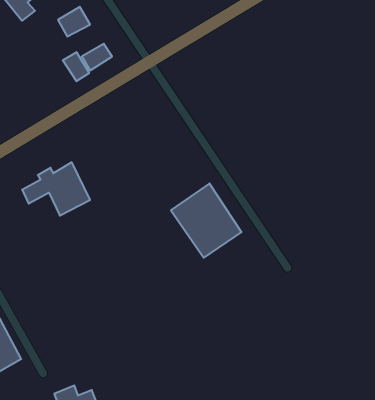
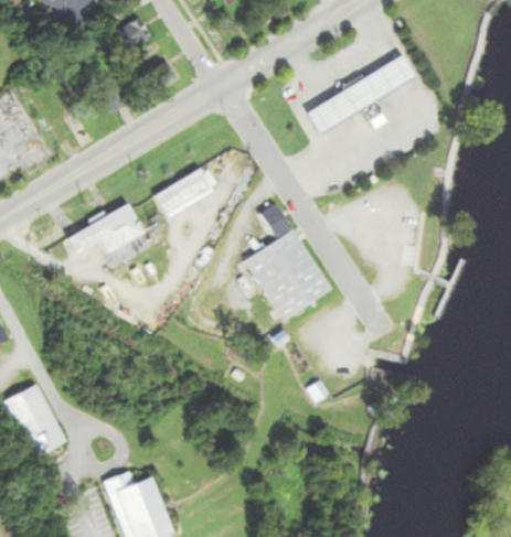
building: none -> [302,52,414,133]
building: [63,52,89,81] -> none
building: none -> [155,170,213,217]
building: none -> [260,205,290,239]

